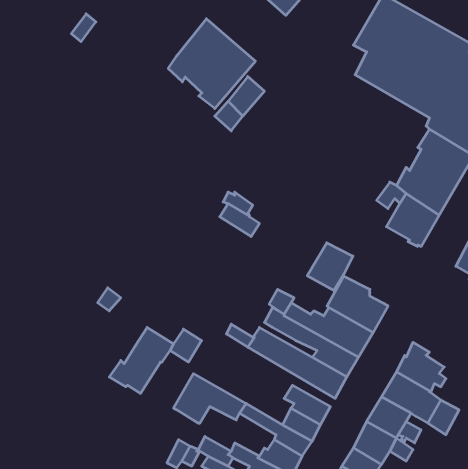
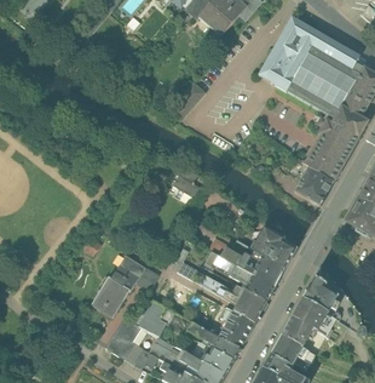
building: [168,19,255,109] -> none
building: [307,243,353,291] -> none
building: none -> [105,315,142,358]

